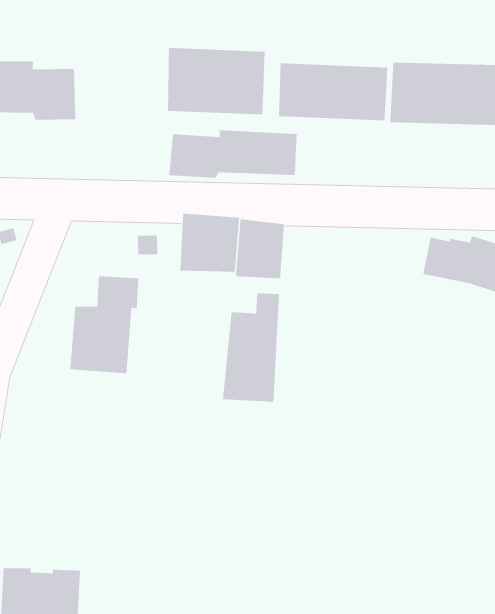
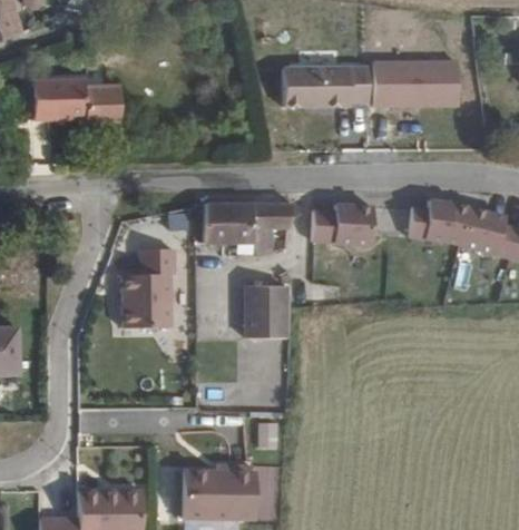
building: [167,47,265,115] -> none
building: [169,129,297,179] -> none
building: none -> [309,203,372,243]
building: none -> [184,460,257,512]

